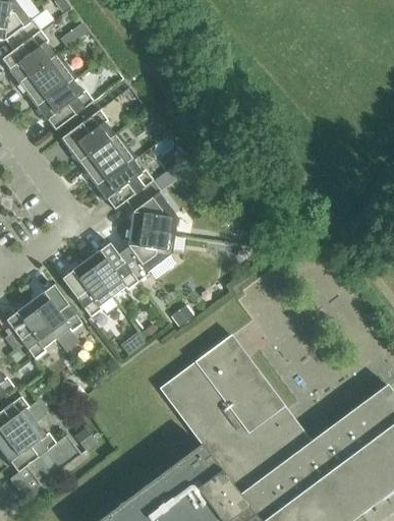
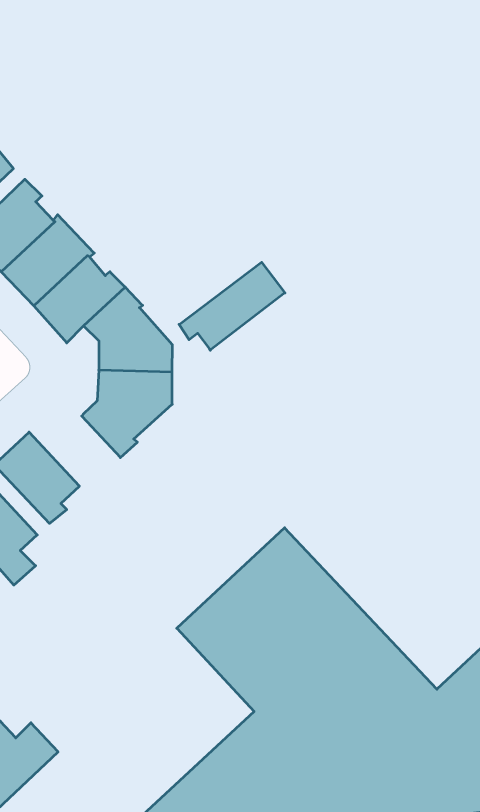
building: none -> [179,262,285,350]
building: [85,241,137,296] -> none

